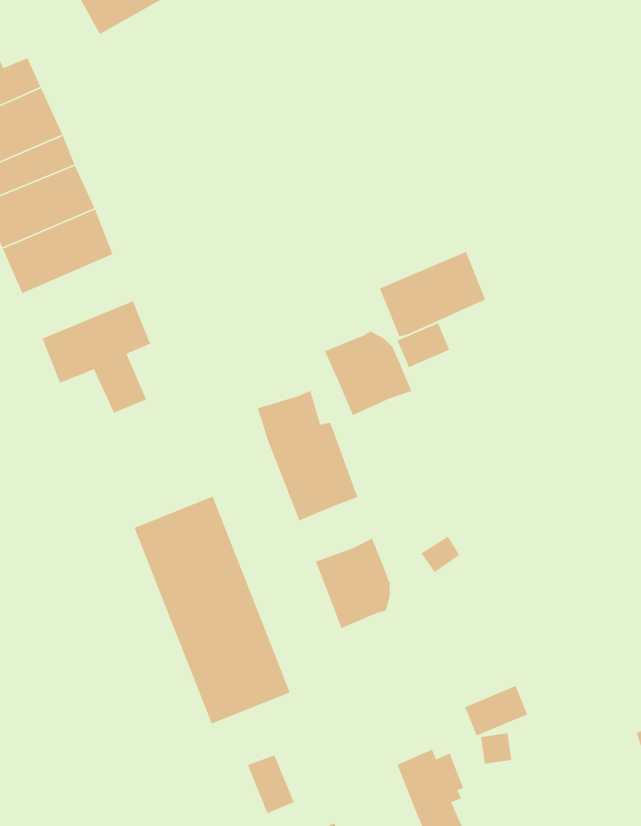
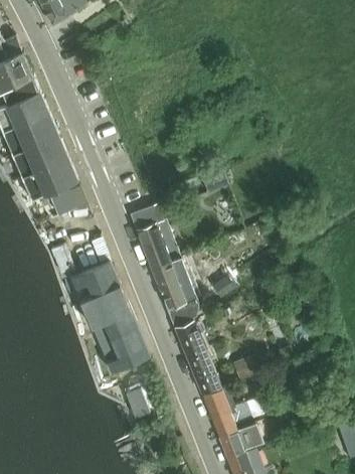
building: [379,251,486,337] -> none
building: none -> [12,136,68,178]
building: [324,331,412,416] -> none
building: none -> [152,259,189,291]
building: none -> [175,321,219,393]

